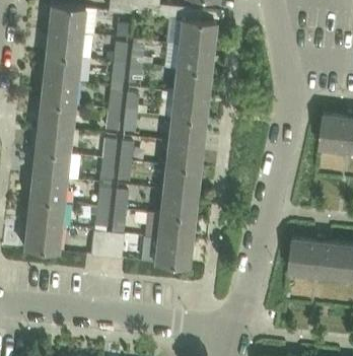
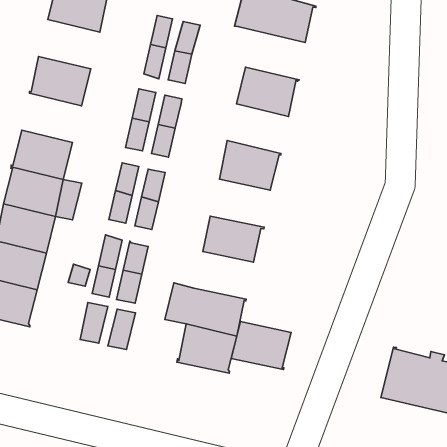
building: [166,45,214,74] -> none
building: [44,55,81,83] -> none
building: [171,94,209,123] -> none
building: [39,103,75,132] -> none
building: [166,144,203,171] -> none
building: [161,192,198,219] -> [231,322,291,369]

